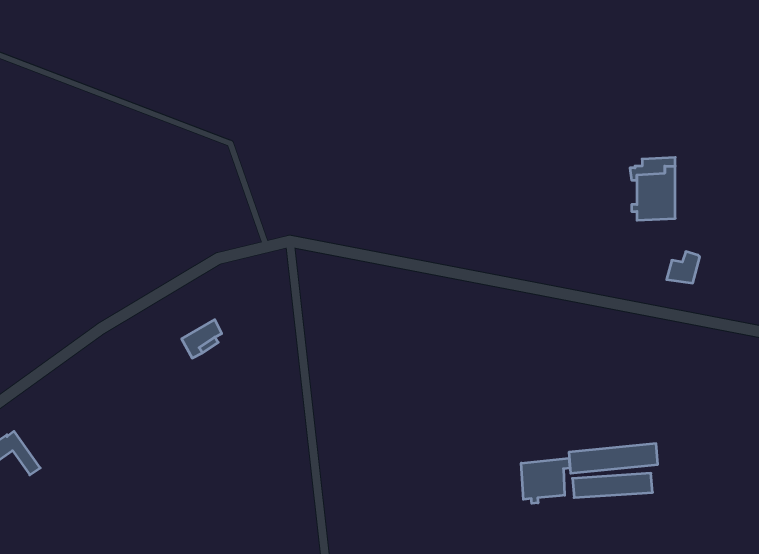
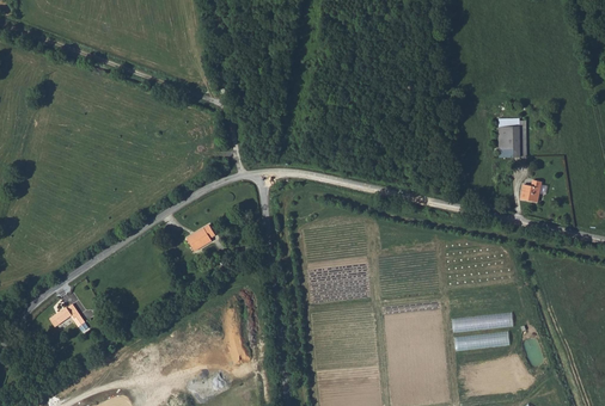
building: [521,458,570,503] -> none

